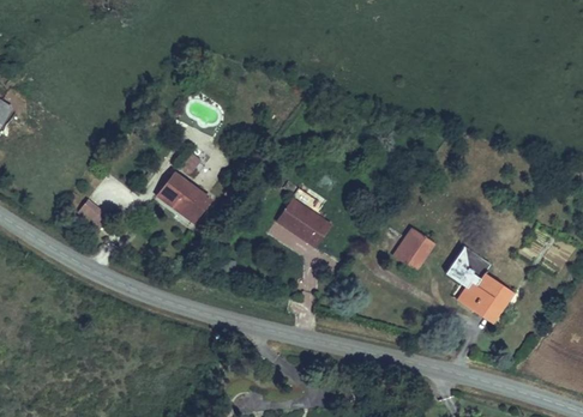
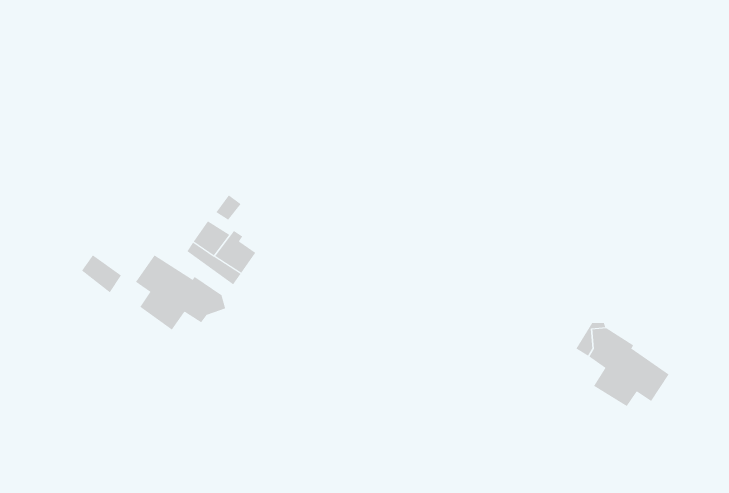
building: [281,189,337,242] -> none
building: none -> [135,254,226,330]
building: [395,225,435,267] -> none

